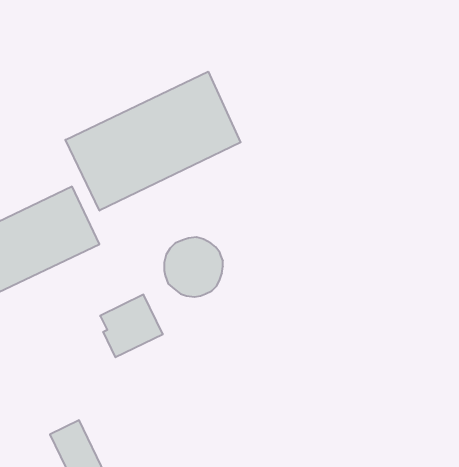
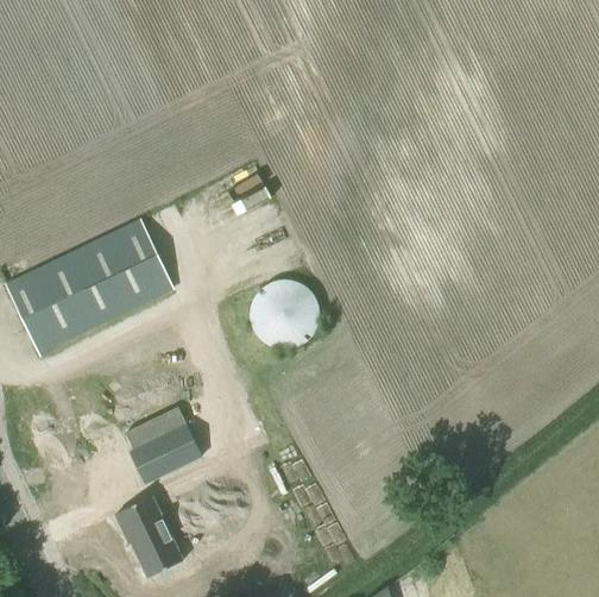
building: [65,72,241,211] -> none
building: [100,295,163,357] -> [126,409,200,483]

